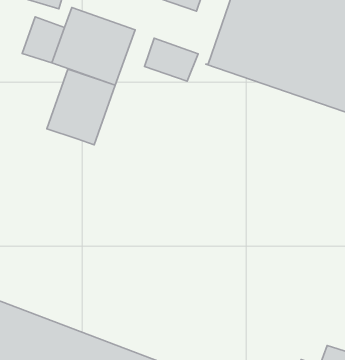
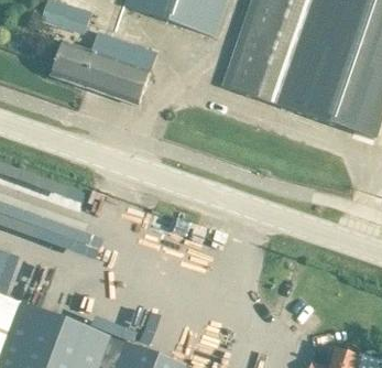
building: [144,38,198,81] -> none
building: [47,69,115,145] -> none

